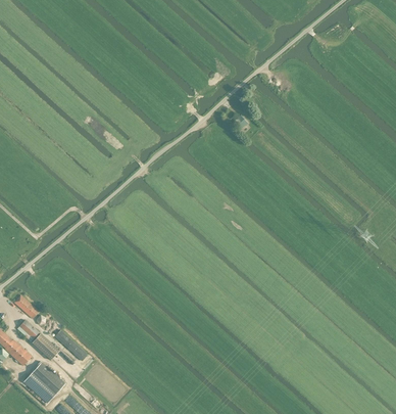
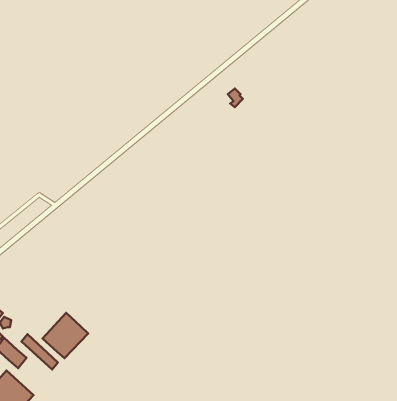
building: none -> [42,313,88,358]

